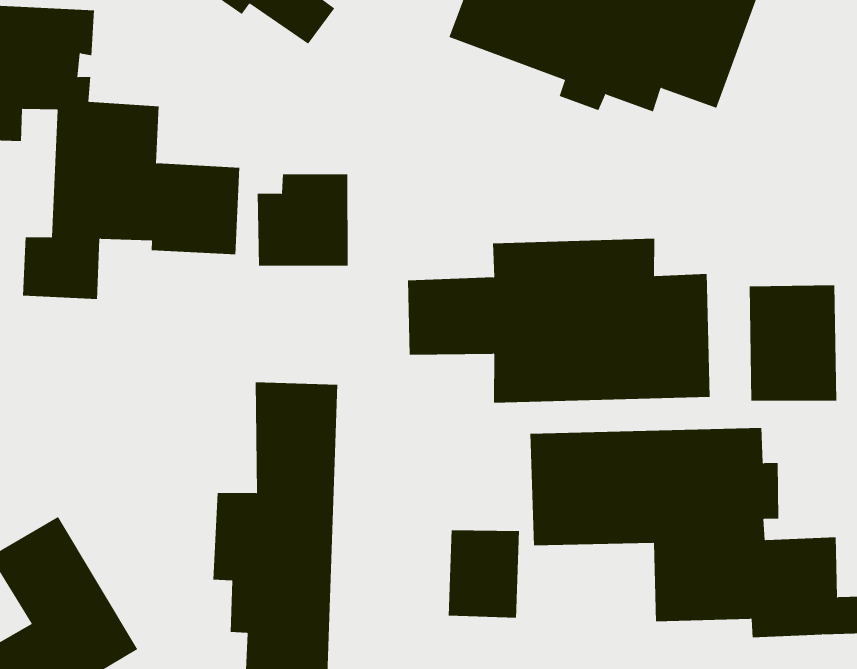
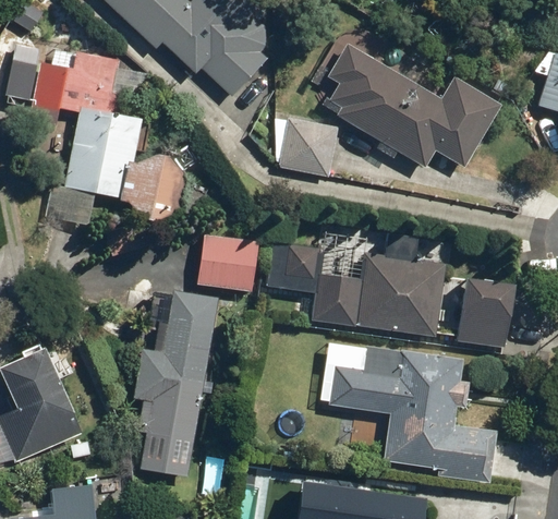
building: none -> [280,118,338,178]
building: [257,174,348,266] -> [198,236,258,294]
building: [448,530,520,618] -> none

